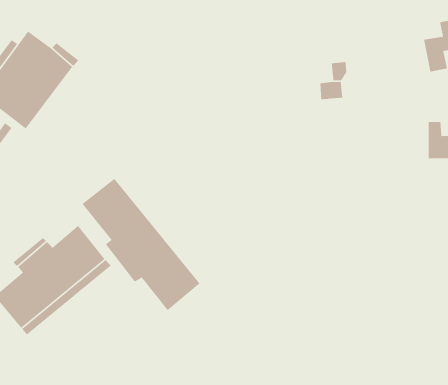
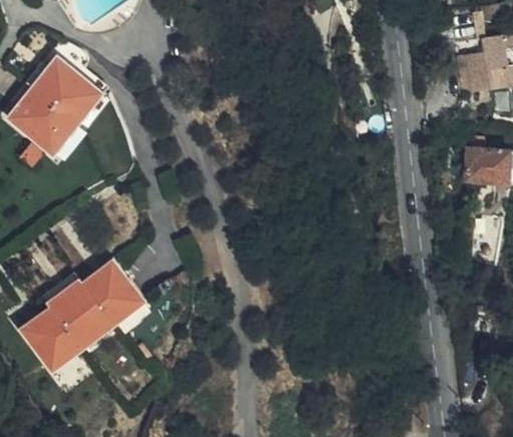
building: [81,178,201,311] -> none

